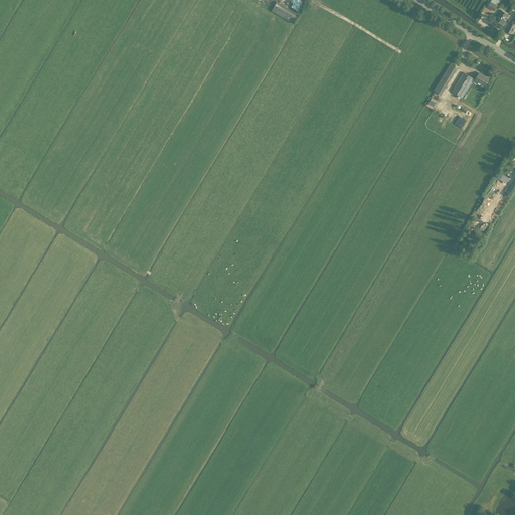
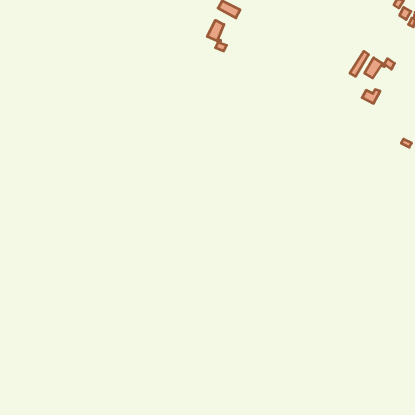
building: none -> [207,20,227,51]

